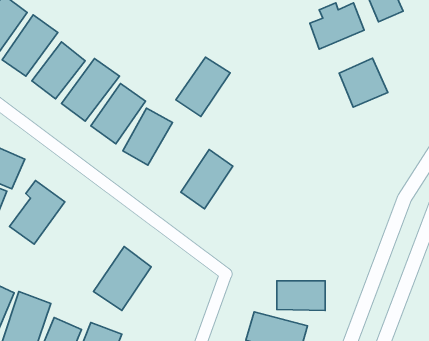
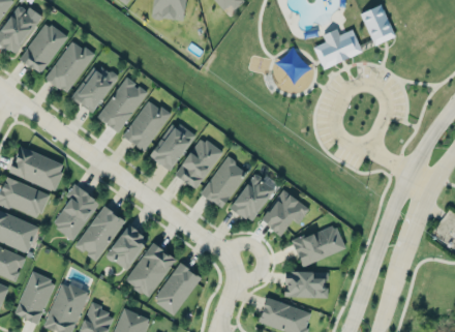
building: [176,57,230,116] -> [175,138,222,189]
building: [339,58,388,107] -> none
building: none -> [231,174,275,222]
building: none -> [262,190,310,236]
building: none -> [75,206,124,261]
building: none -> [293,224,345,266]
building: none -> [108,225,148,271]
building: none -> [155,263,200,315]

